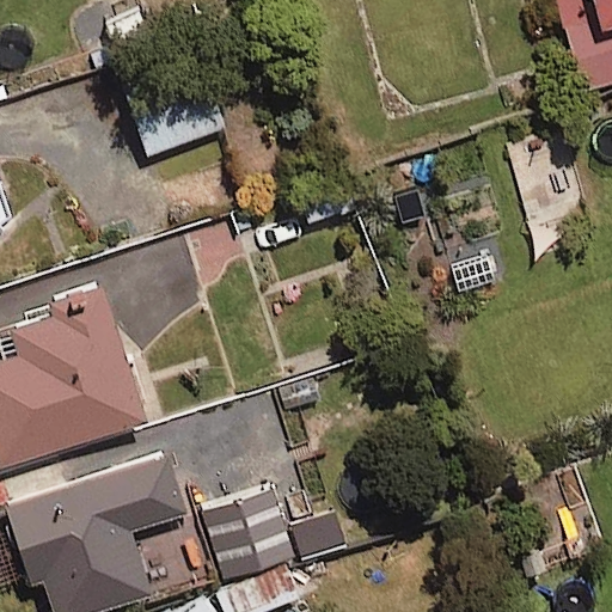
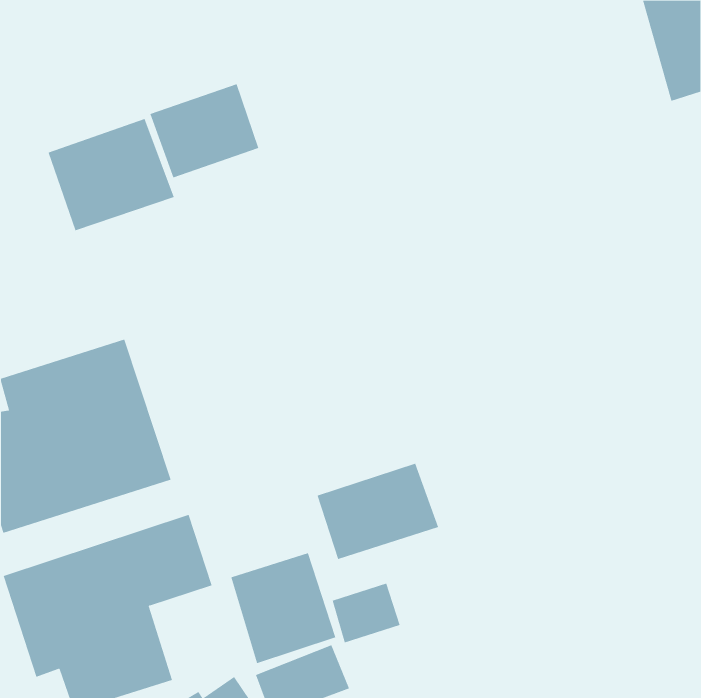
building: none -> [48,118,174,231]
building: none -> [317,463,439,560]

